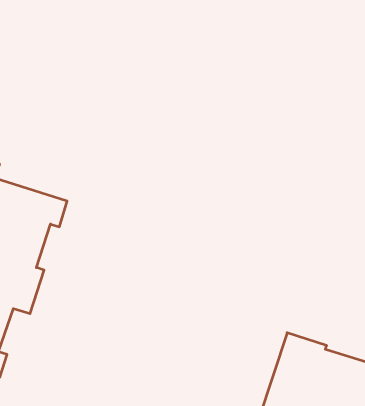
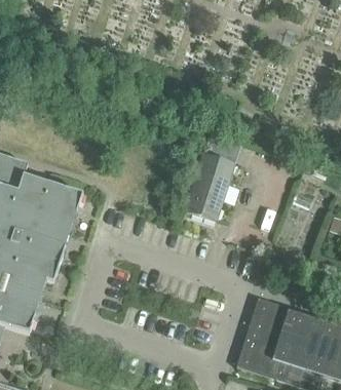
building: none -> [186,131,241,220]

